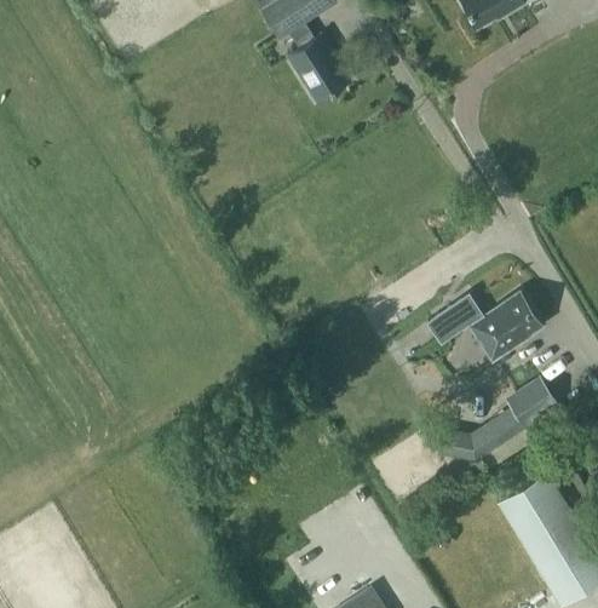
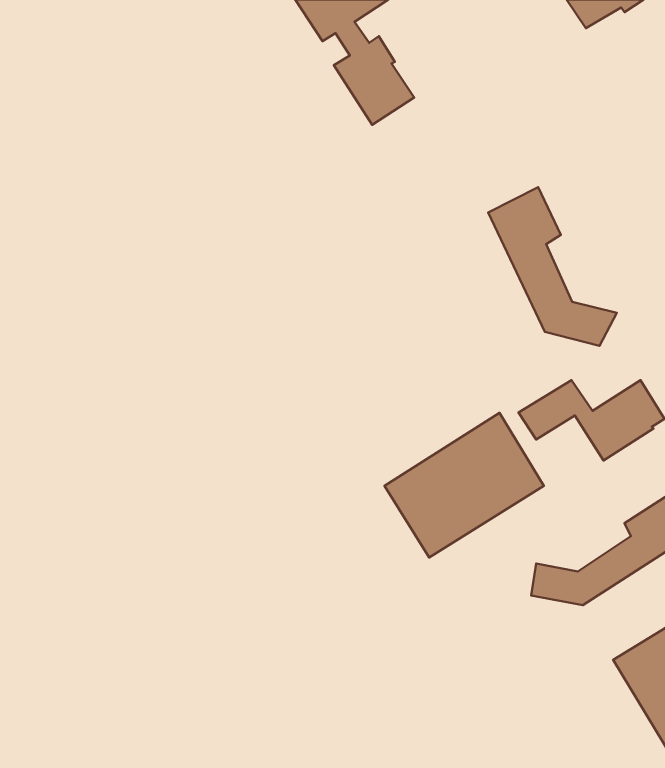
building: none -> [488,187,617,346]
building: none -> [385,413,544,557]

